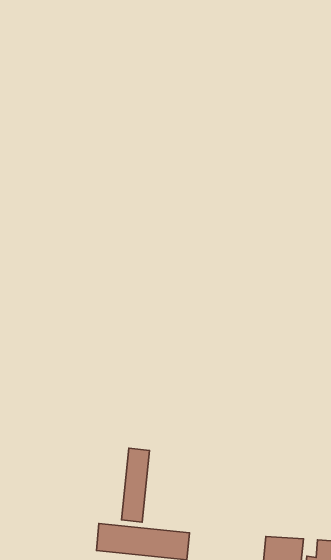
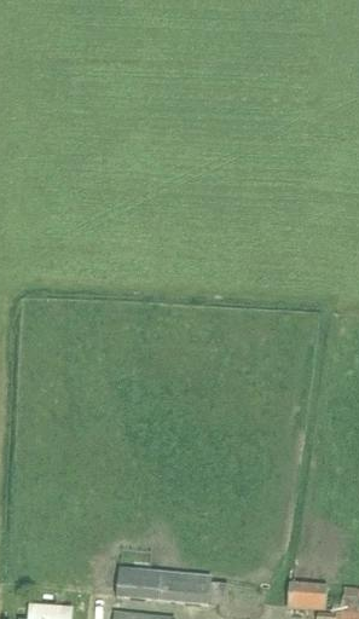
building: [122,448,150,522] -> none

